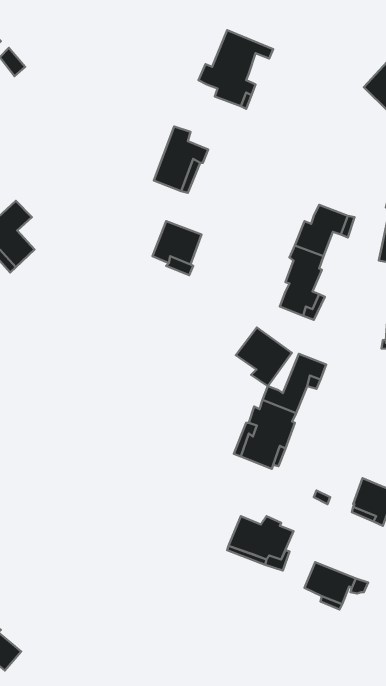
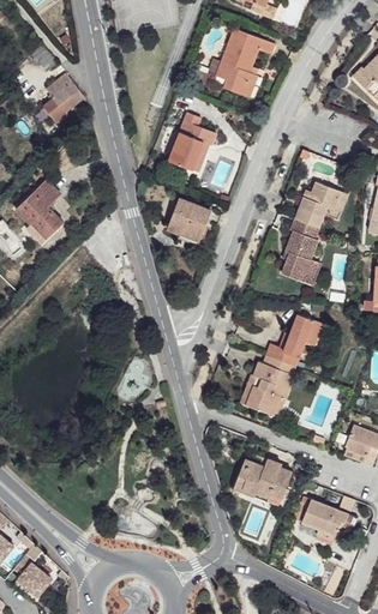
building: none -> [43,73,84,122]
building: [236,328,292,386] -> none

